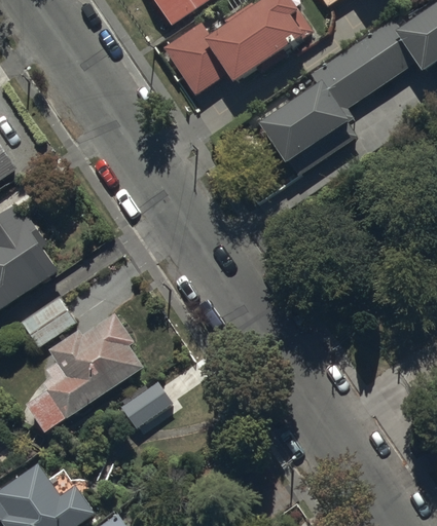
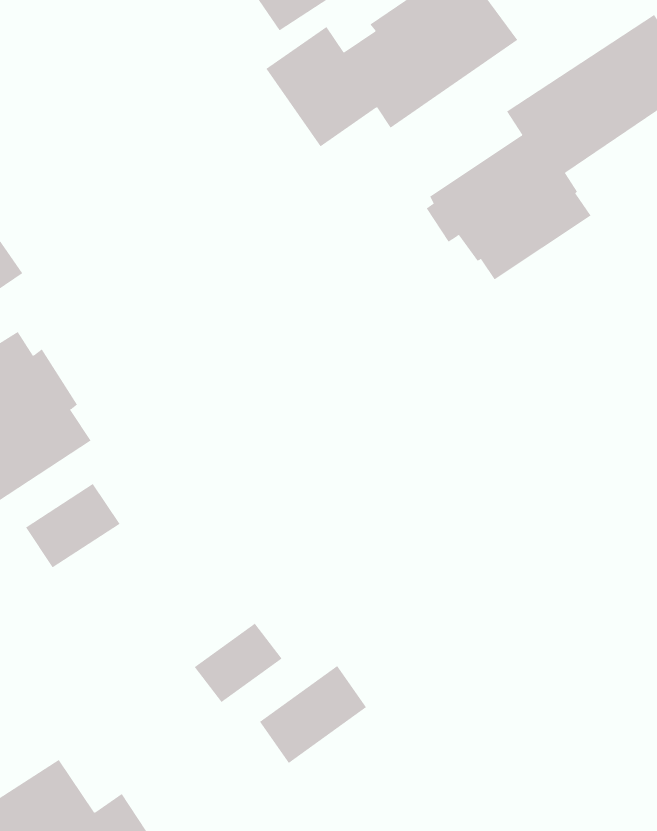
building: [26,315,143,431] -> none
building: none -> [259,665,367,764]

